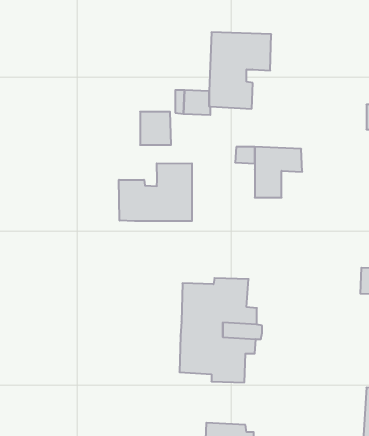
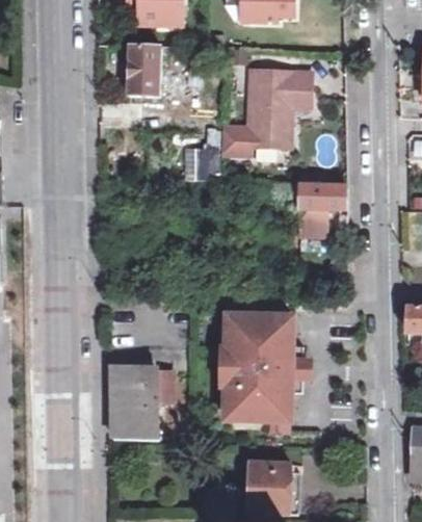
building: none -> [127,45,164,94]
building: [119,163,192,221] -> none
building: none -> [111,367,157,437]

